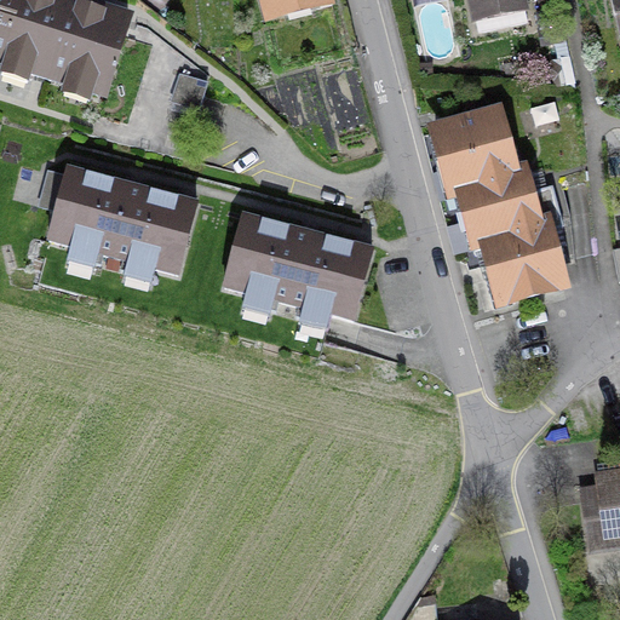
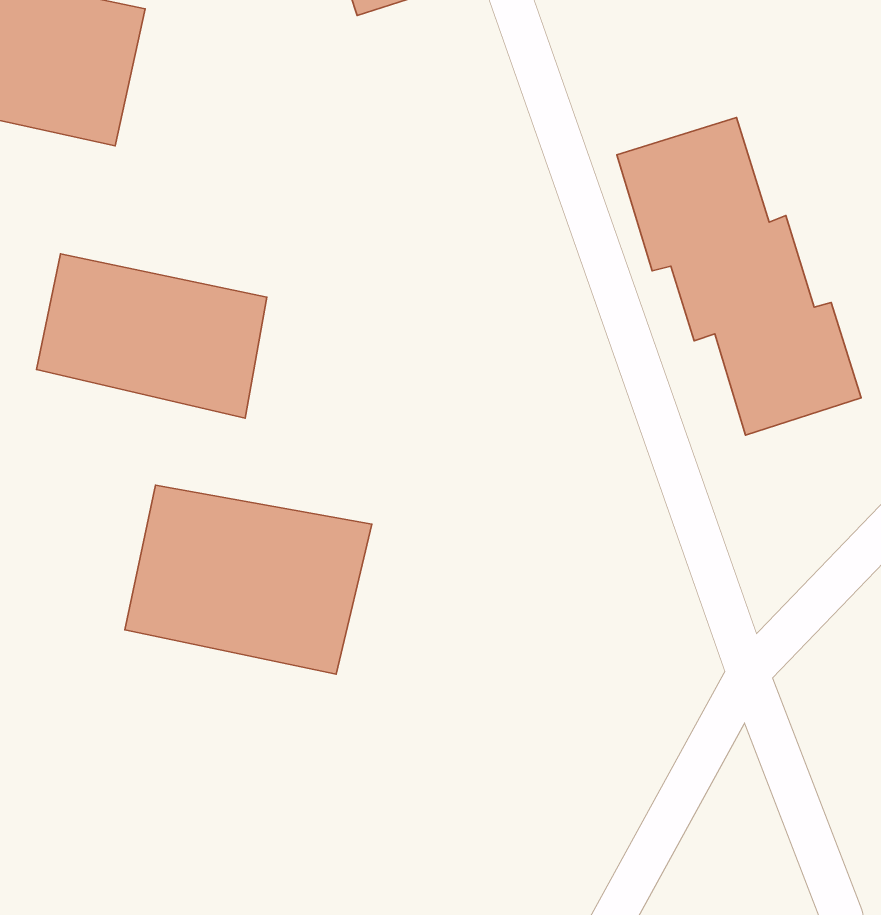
building: [223,219,375,317] -> none
building: none -> [125,485,372,674]

